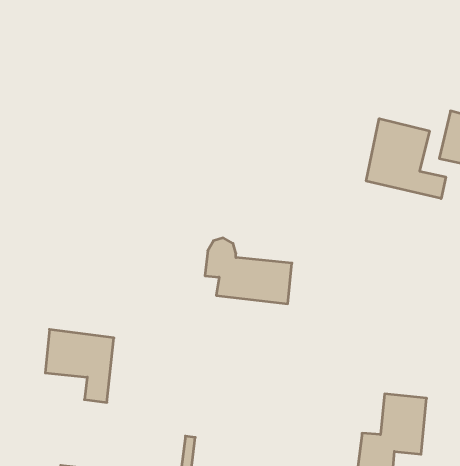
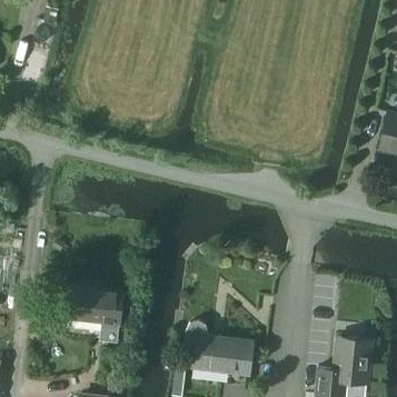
building: [366,119,446,199] -> none
building: [205,238,292,304] -> [182,321,251,374]

